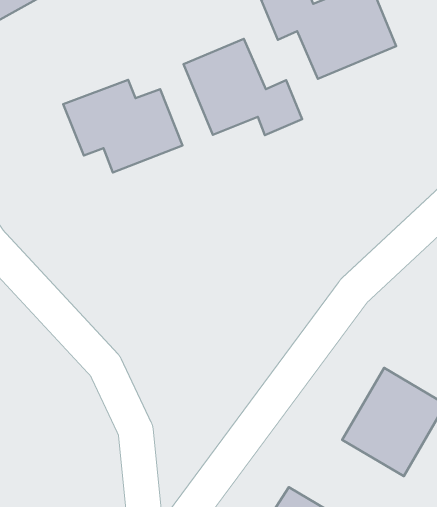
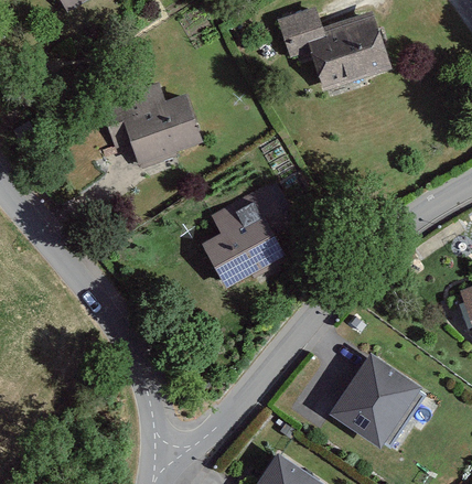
building: [184,39,302,135] -> none
building: none -> [204,186,310,287]

